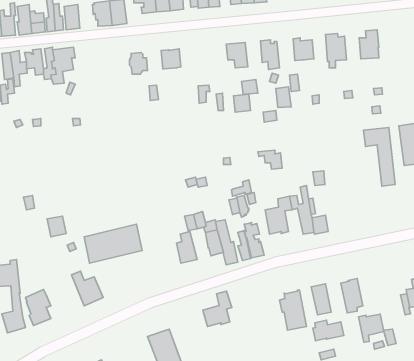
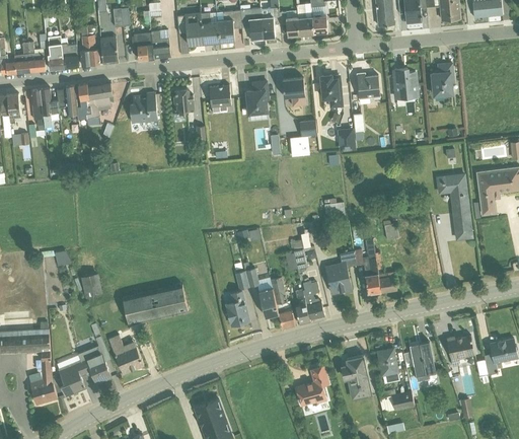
building: none -> [245,81,267,122]
building: none -> [129,92,156,124]
building: none -> [76,336,110,383]
building: [203,291,232,326] -> [295,366,327,406]
building: [358,314,384,342] -> [445,336,473,367]

